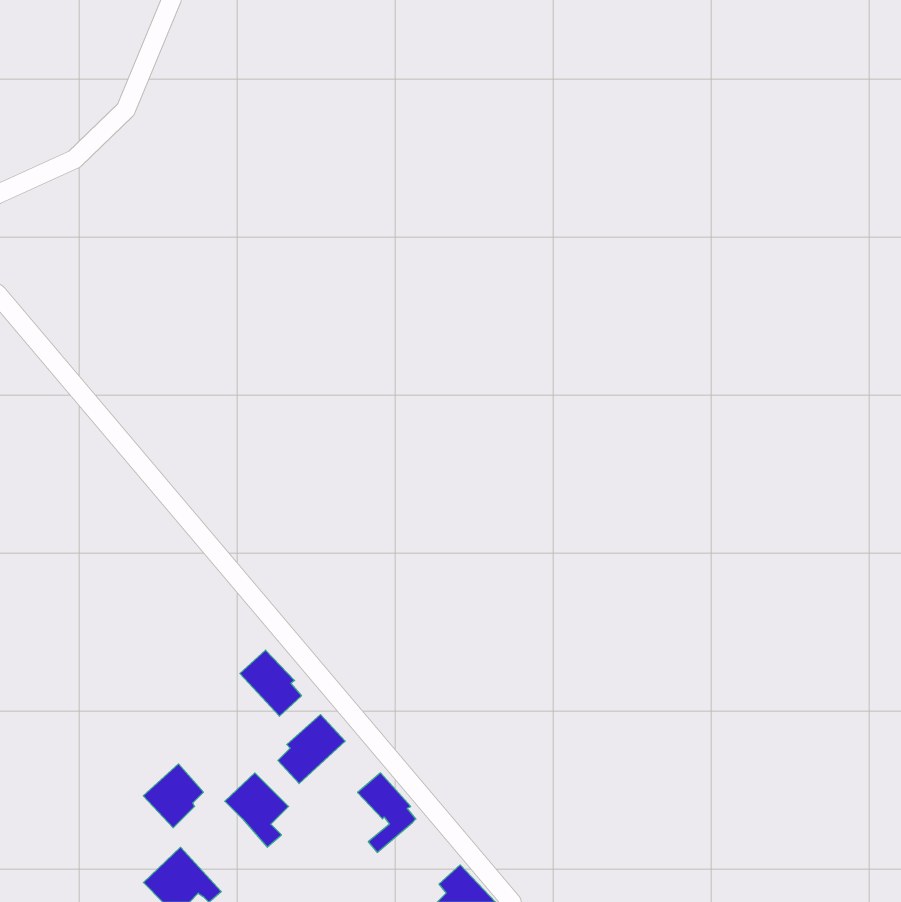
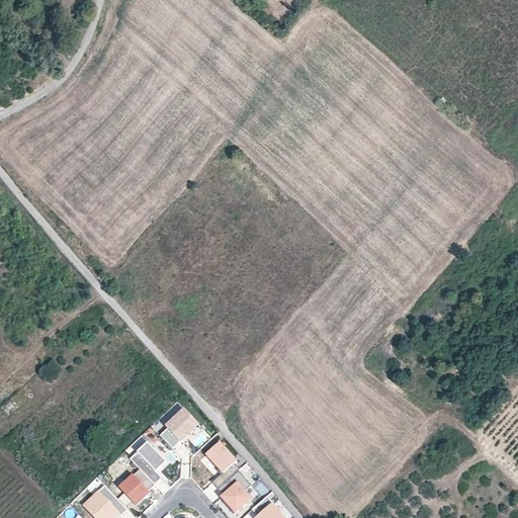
building: [240,650,301,716] -> none
building: [143,764,203,828] -> [118,468,153,505]
building: none -> [215,470,247,508]

